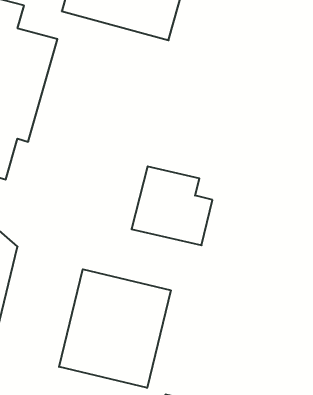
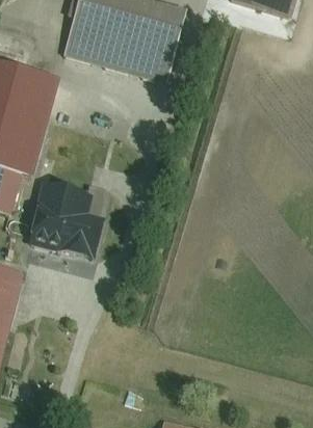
building: [131,166,212,245] -> [27,183,105,259]
building: [59,269,171,388] -> none

